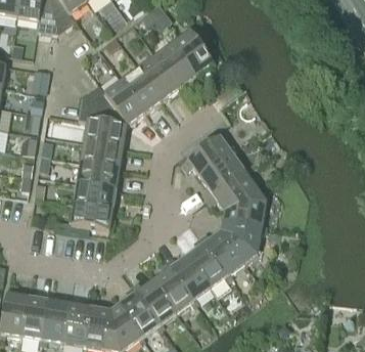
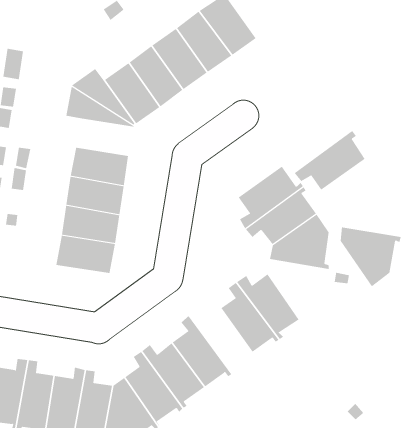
building: [84,120,126,146] -> none
building: [180,133,231,176] -> [294,130,365,190]
building: [221,220,265,263] -> [340,227,402,287]
building: [165,255,210,302] -> none

